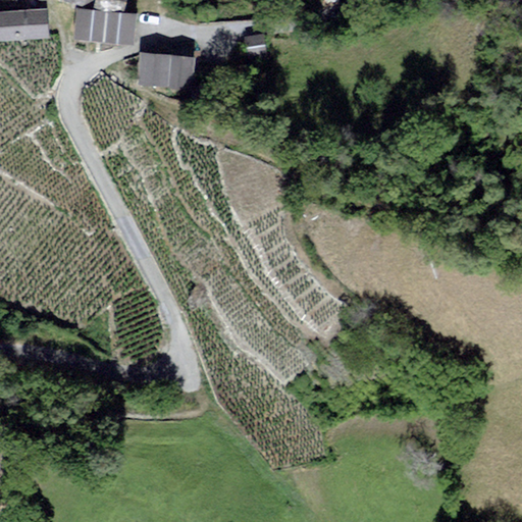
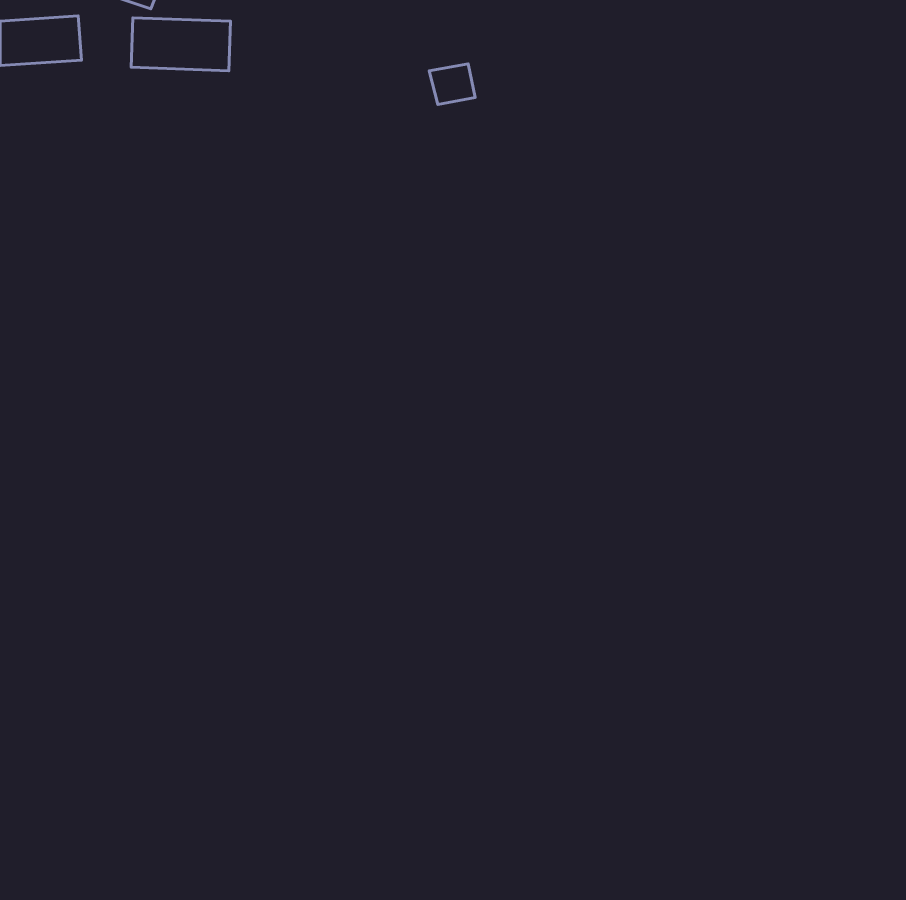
building: [139,55,192,85] -> none

